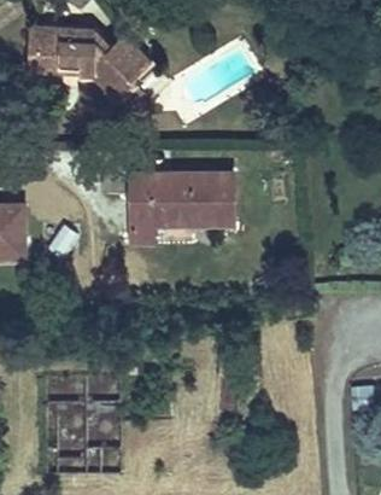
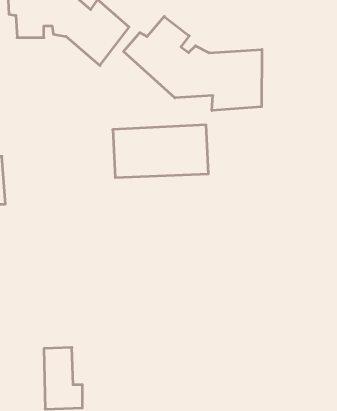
building: none -> [124,16,262,111]

